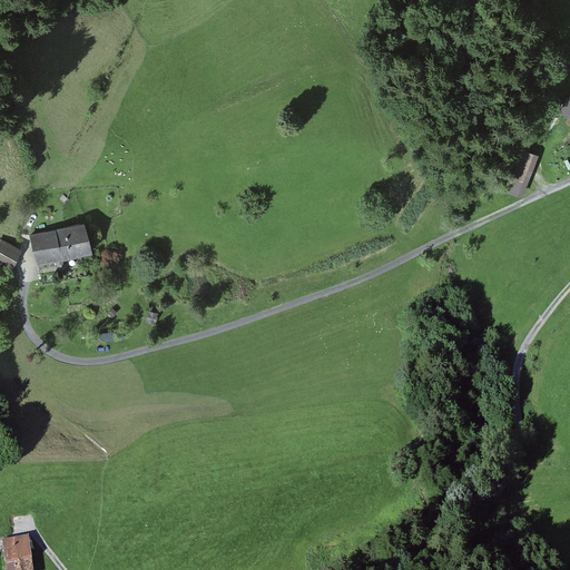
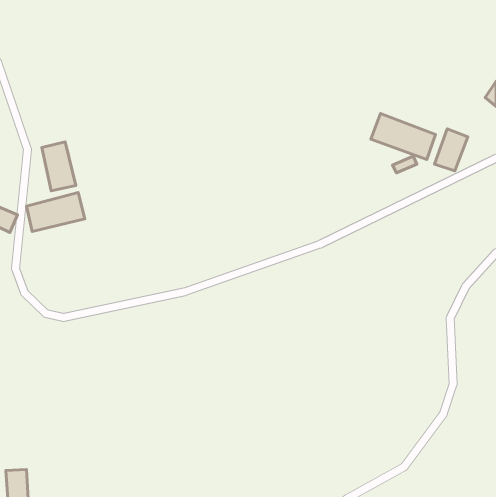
building: none -> [371,113,436,159]
building: none -> [42,142,76,191]

